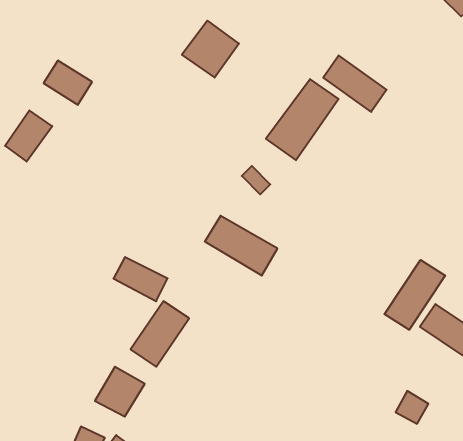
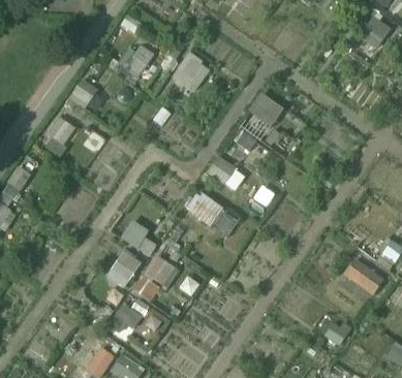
building: none -> [122,42,156,77]
building: [323,55,387,112] -> none
building: [384,260,445,330] -> none
building: none -> [107,250,143,287]

